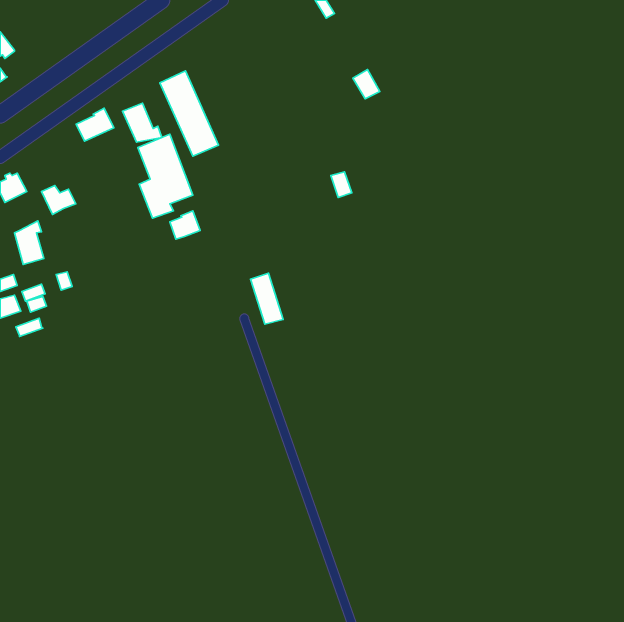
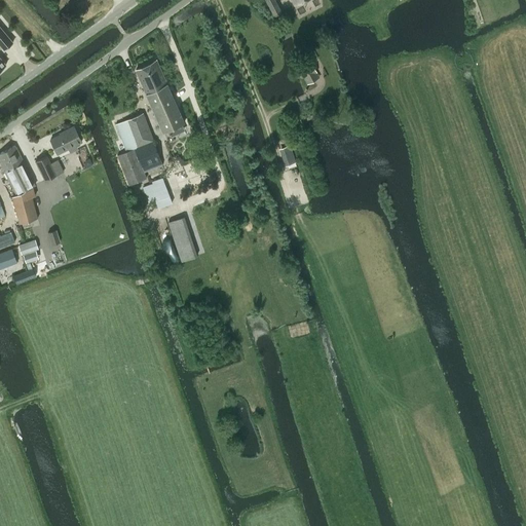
building: [123,103,162,142] -> none
building: [76,108,114,141] -> [50,126,82,154]
building: none -> [4,162,34,195]
building: [250,273,283,324] -> [168,218,196,261]

